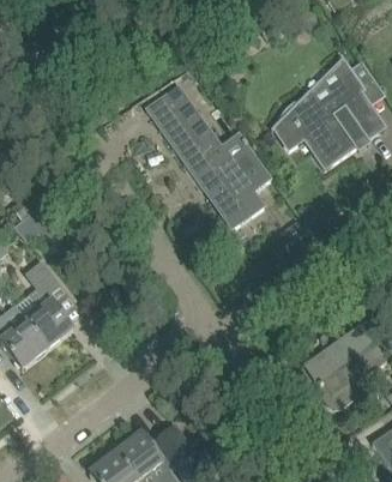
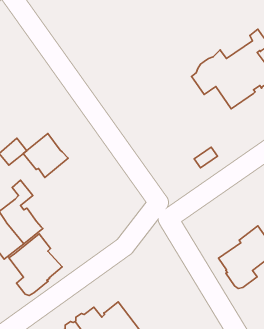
building: [145,86,270,227] -> none
building: none -> [23,133,68,177]
building: none -> [9,234,62,295]

